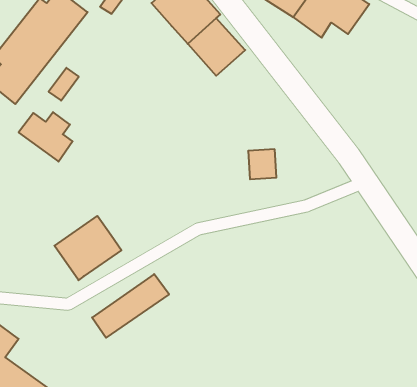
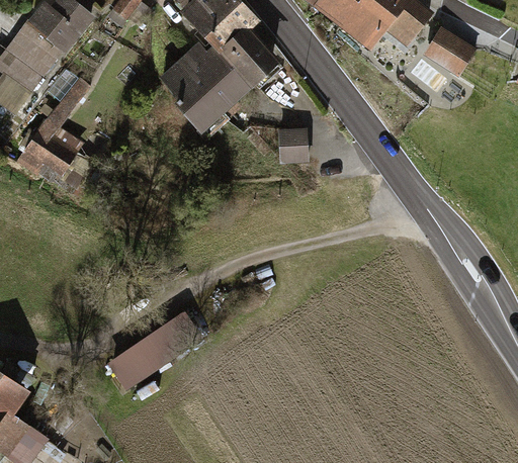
building: none -> [419,25,470,74]
building: none -> [154,32,251,130]
building: [248,149,276,179] -> [274,125,307,160]
building: [54,216,121,280] -> none

